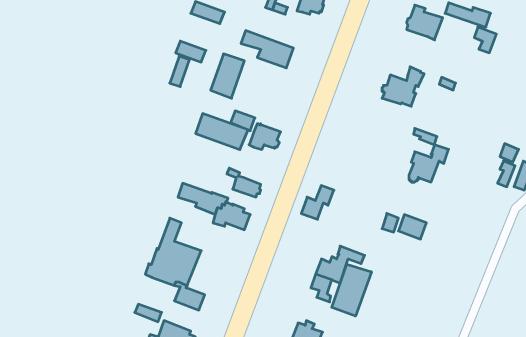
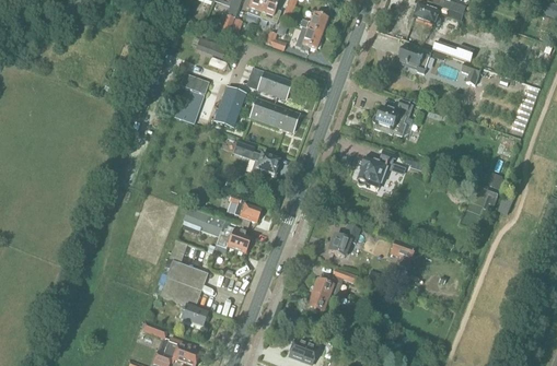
building: [196,114,248,150] -> [250,99,299,133]
building: [409,145,449,182] -> [358,152,395,187]
building: [301,186,334,219] -> [328,225,359,257]
building: [332,264,371,316] -> none

